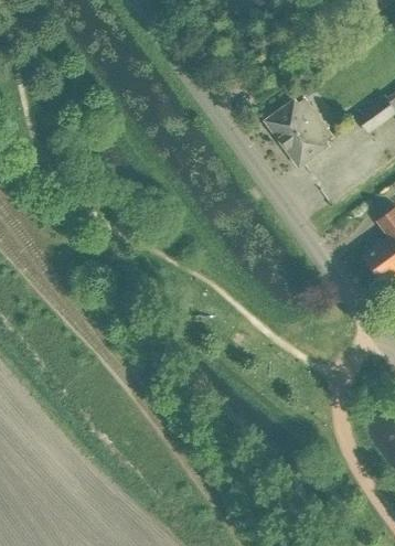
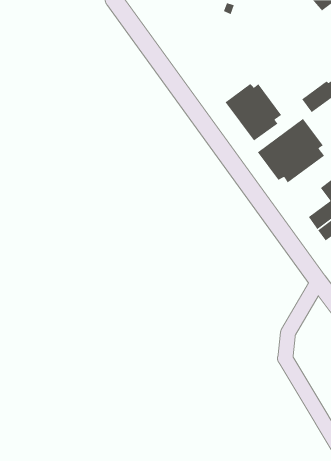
building: none -> [257,118,325,184]

